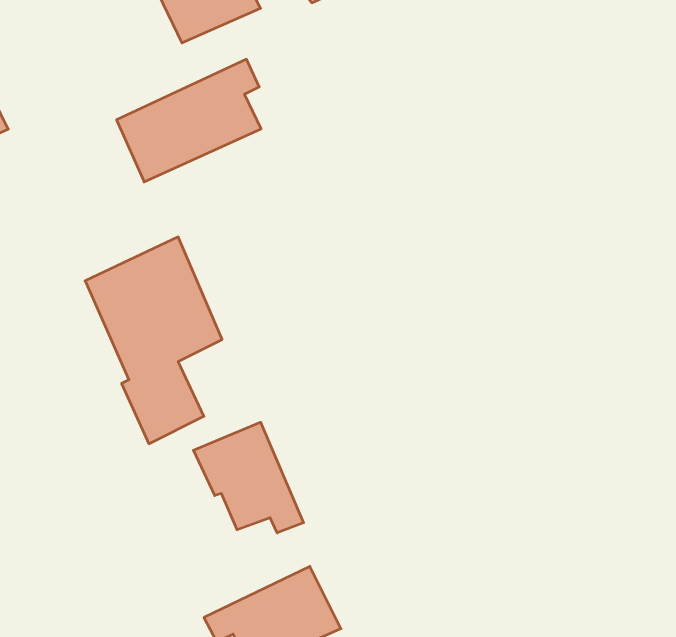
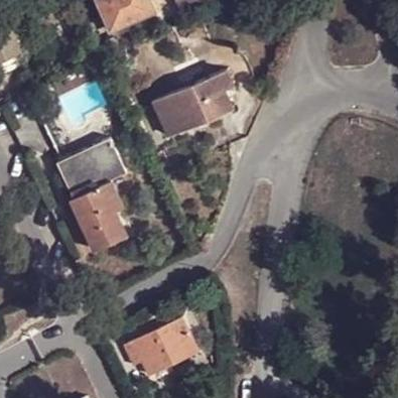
building: [117,59,261,182] -> [153,70,233,137]
building: [193,422,304,533] -> none

